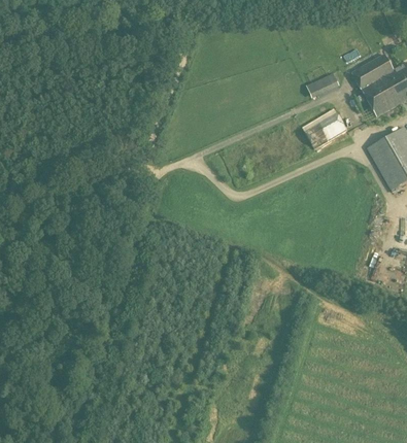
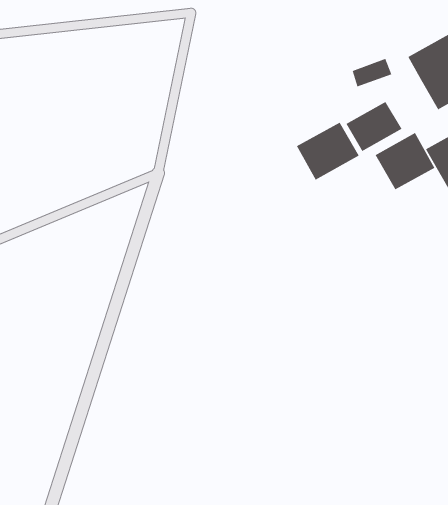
building: none -> [296,122,360,181]
building: none -> [375,132,435,190]

